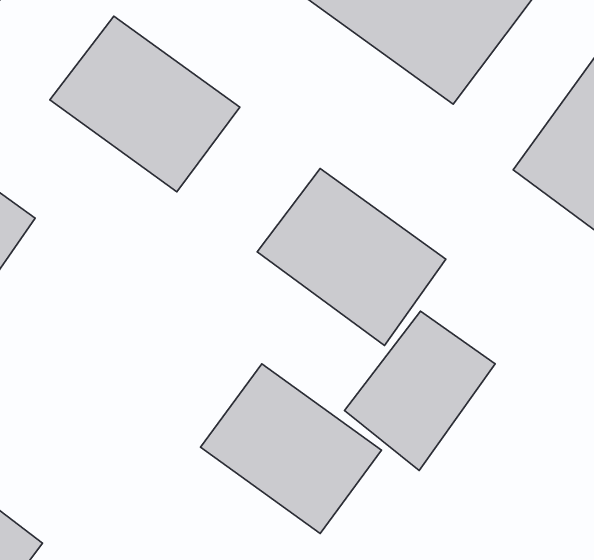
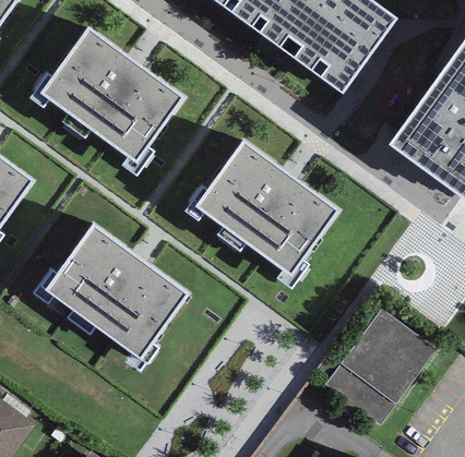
building: [345,311,495,471] -> [325,301,438,420]
building: [200,364,382,534] -> [49,231,184,358]

